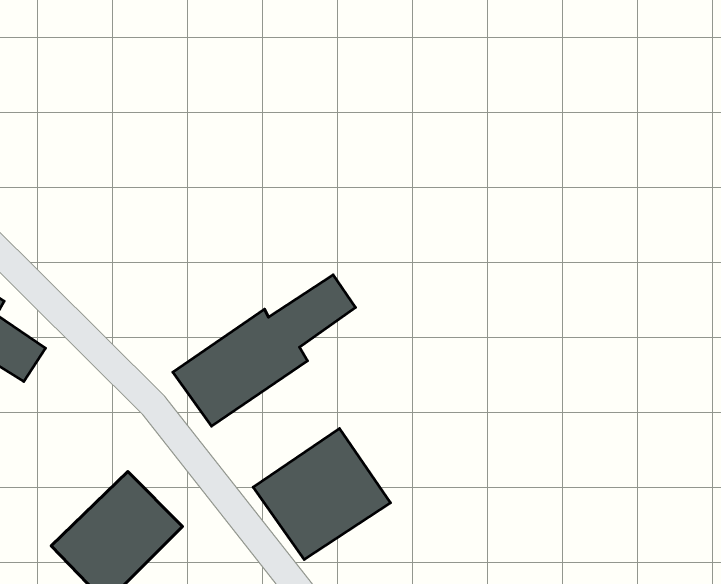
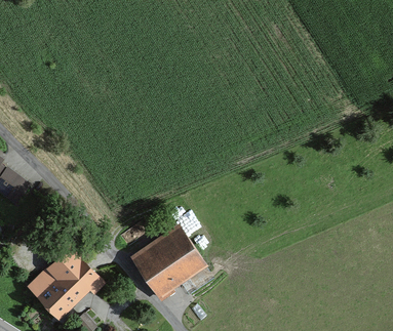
building: [173,275,356,426] -> none

